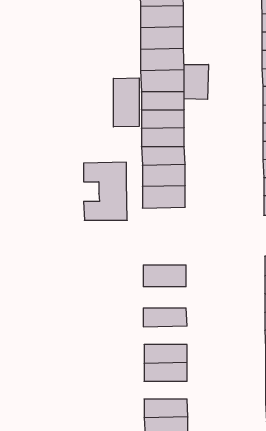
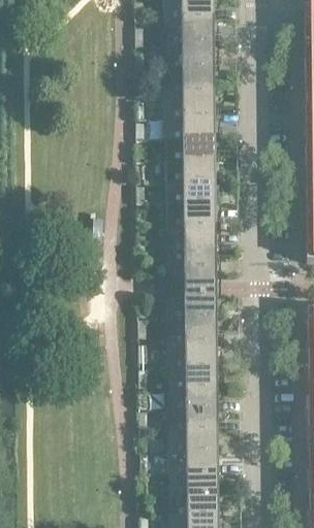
building: [184,64,208,99] -> none
building: [113,78,139,127] -> none
building: [84,162,127,220] -> [167,248,218,315]
building: none -> [168,339,218,364]
building: none -> [168,385,219,406]
building: none -> [169,449,219,469]

